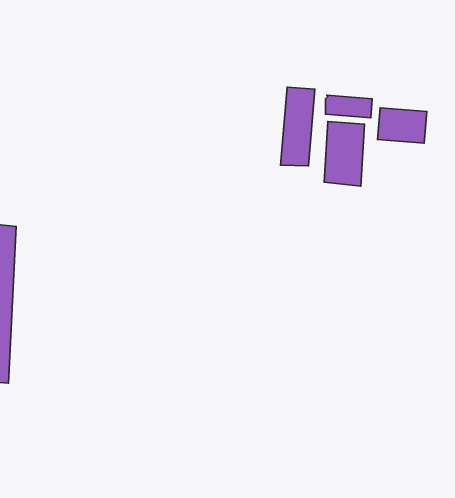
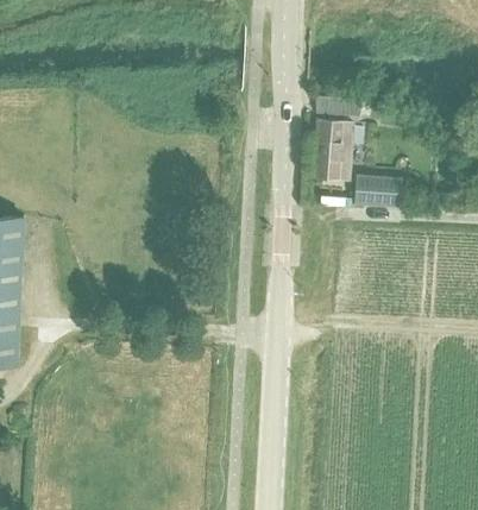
building: [280,87,315,166] -> none
building: [378,108,427,143] -> [354,175,401,208]

